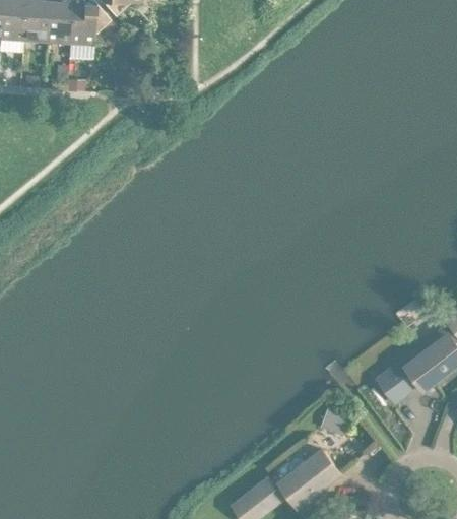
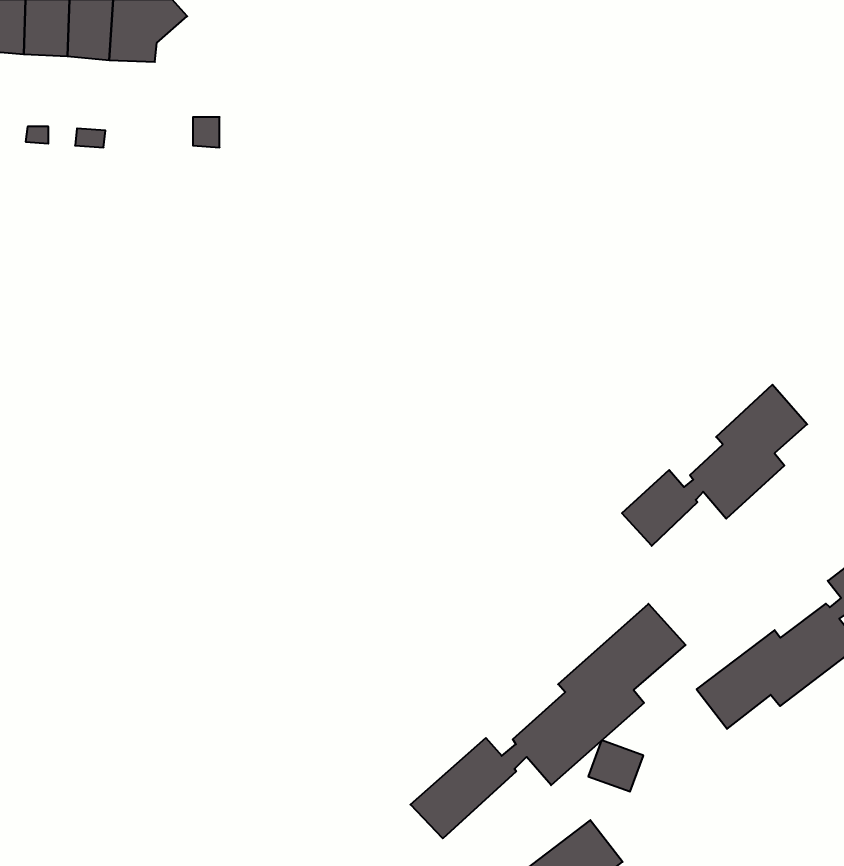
building: none -> [622,385,807,546]
building: none -> [410,604,686,838]

